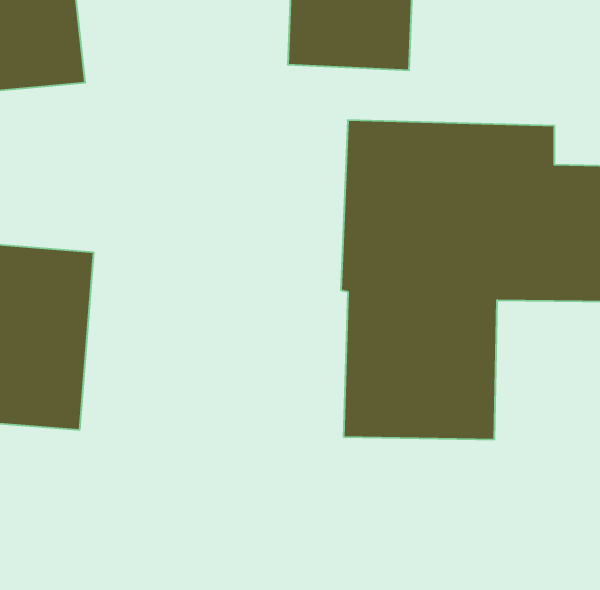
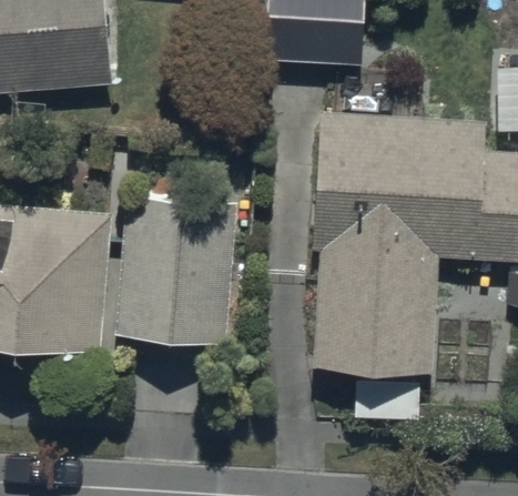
building: none -> [118,199,242,350]

